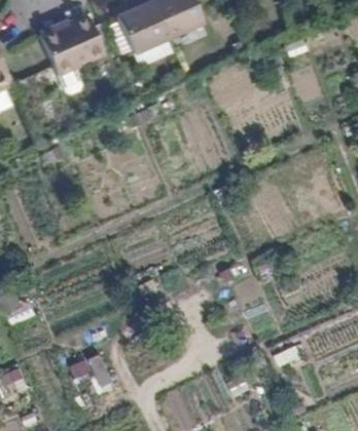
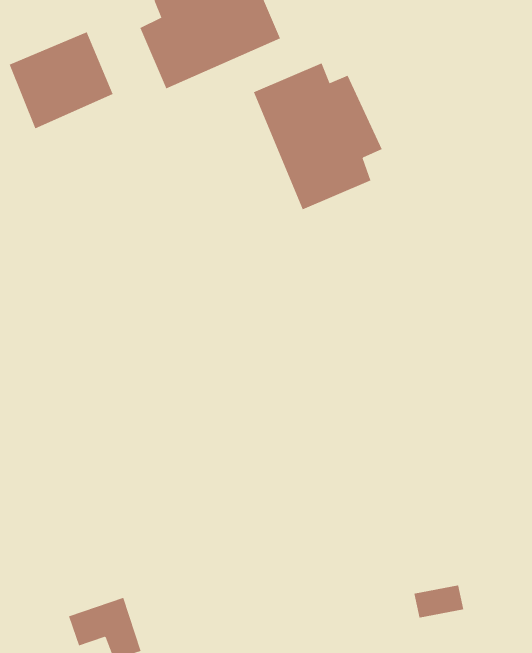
building: none -> [253,62,383,210]

